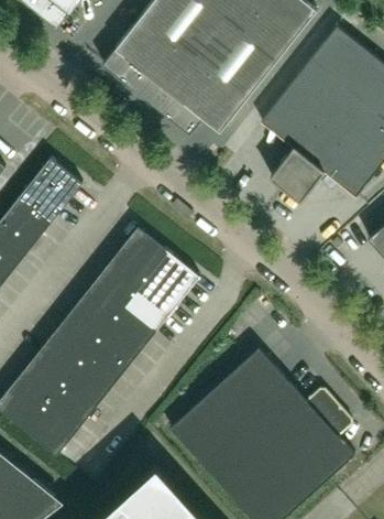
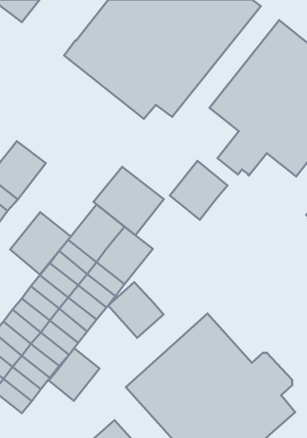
building: none -> [170,161,228,220]
building: none -> [94,167,164,235]
building: none -> [10,212,71,274]
building: none -> [108,282,163,338]
building: none -> [49,348,99,401]

